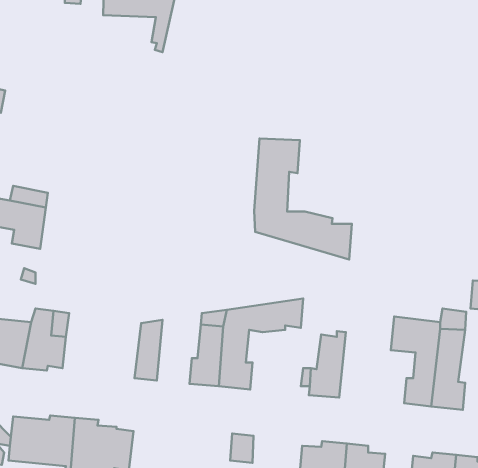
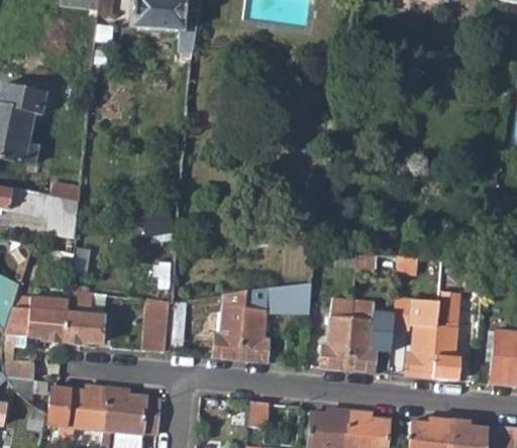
building: [254,138,352,259] -> none
building: none -> [142,299,169,351]
building: none -> [346,307,384,371]

